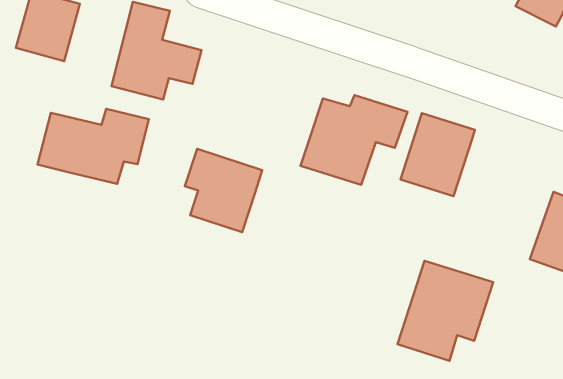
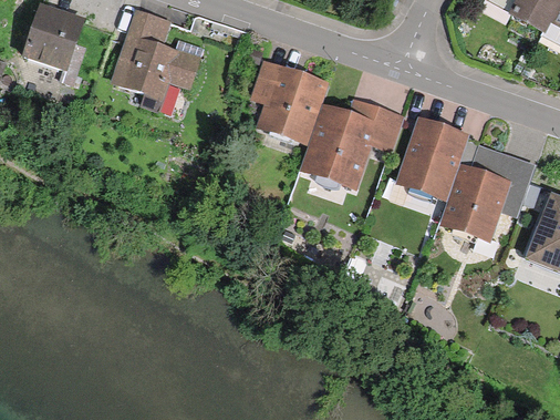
building: [38,109,149,184] -> none
building: [185,149,262,232] -> [250,61,326,143]
building: [398,261,493,361] -> [440,142,535,240]

